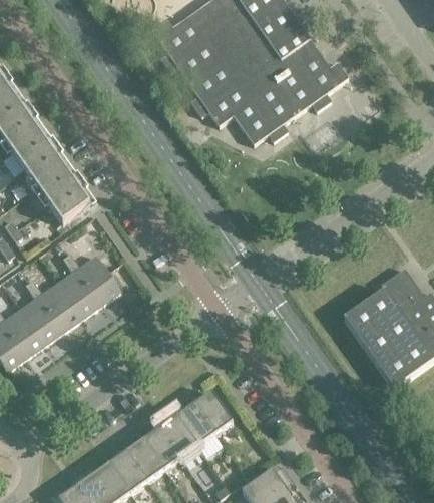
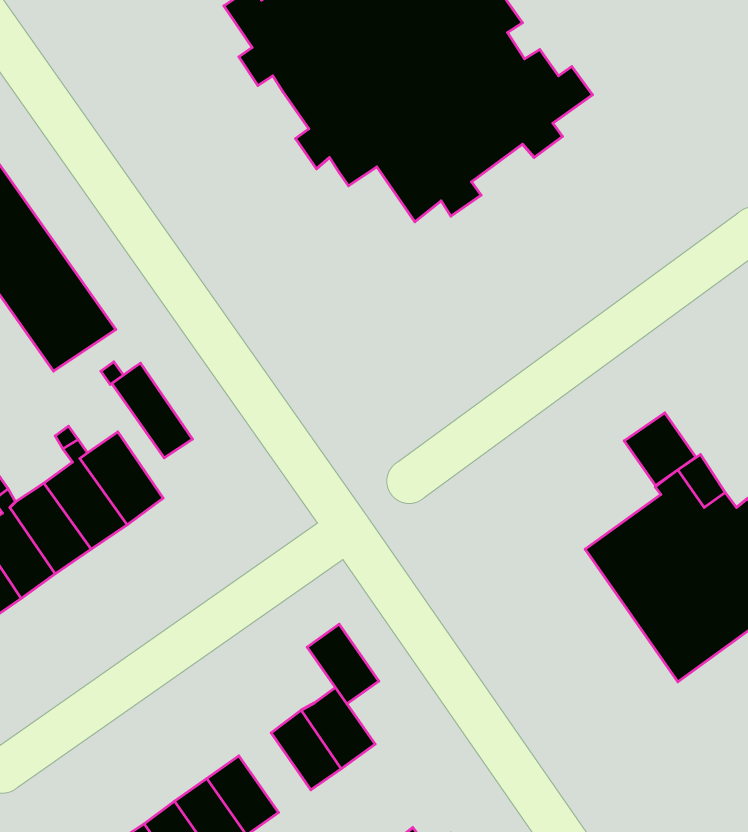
building: none -> [112,363,193,458]
building: none -> [624,413,696,485]
building: [160,415,198,457] -> [307,624,379,704]

